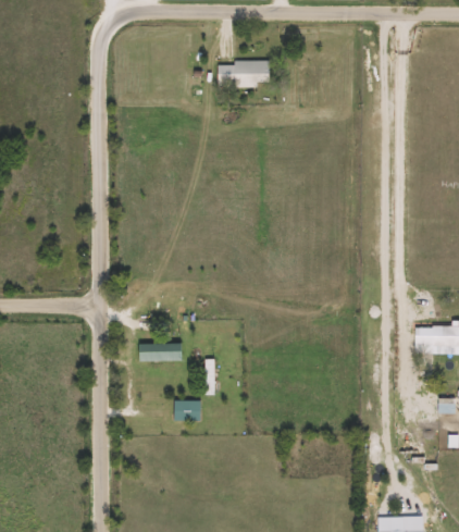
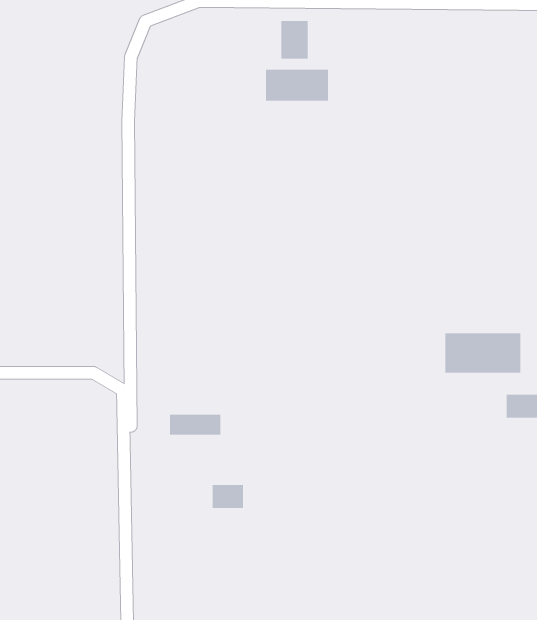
building: none -> [281,20,308,60]
building: none -> [445,333,521,374]

